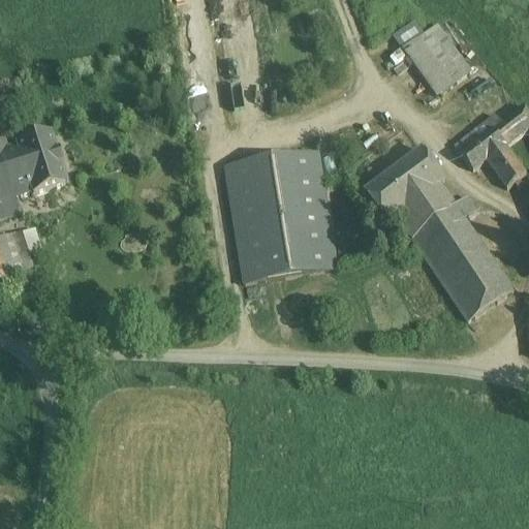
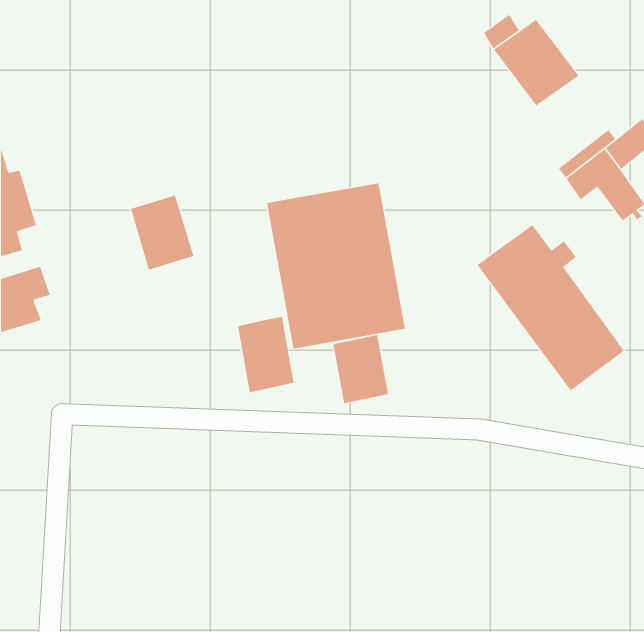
building: [19,124,71,186] -> [130,194,195,270]
building: [360,146,444,222] -> none
building: none -> [237,316,295,393]
building: none -> [333,334,389,404]

